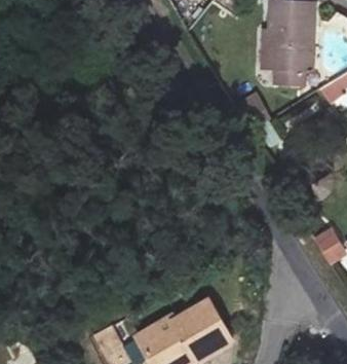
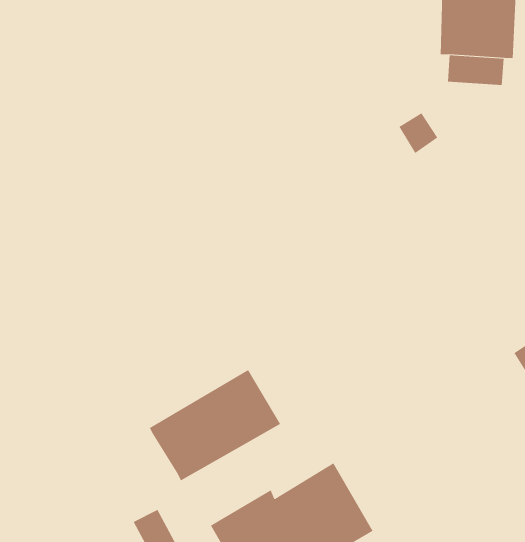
building: none -> [149,369,281,481]

